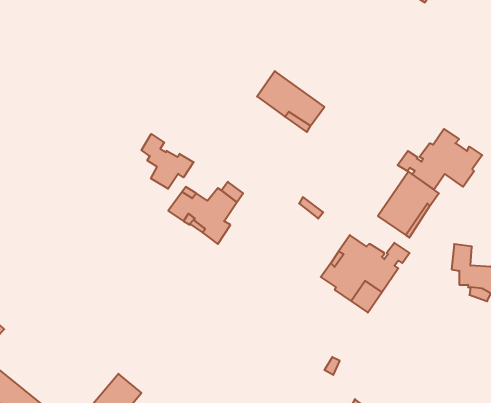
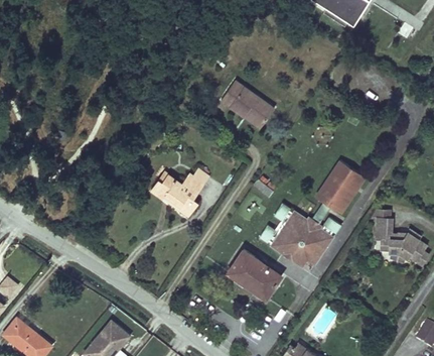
building: [398,129,482,190] -> none
building: [141,134,194,189] -> none
building: none -> [229,249,281,296]

